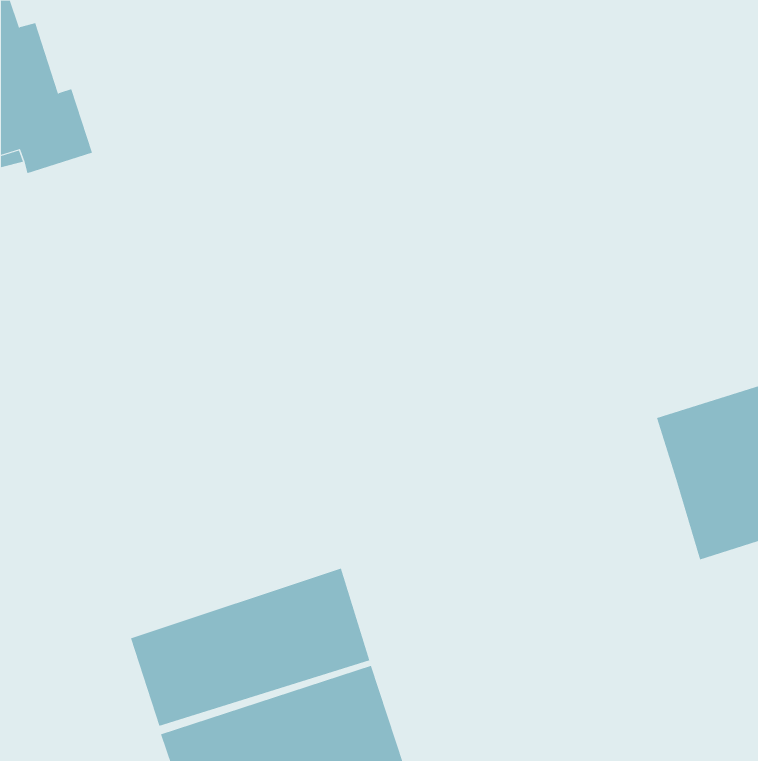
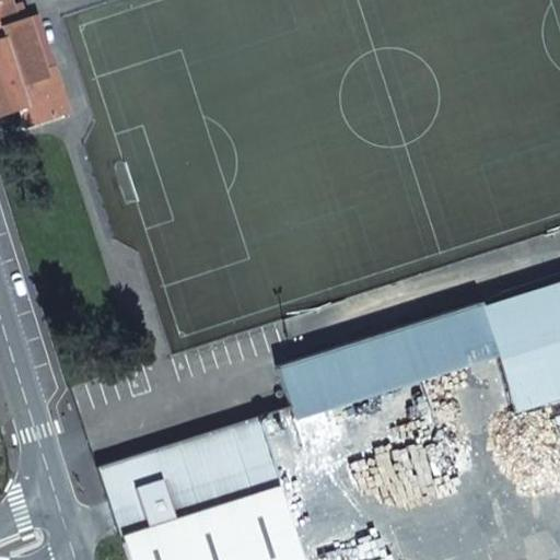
building: none -> [283,300,499,415]

